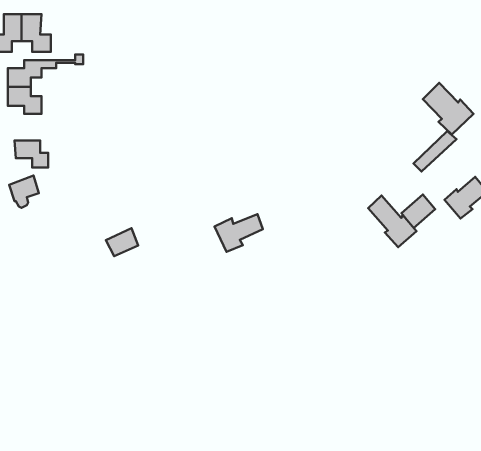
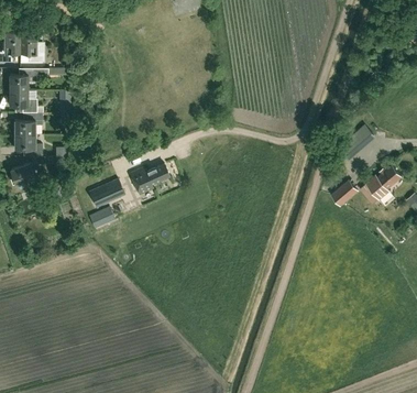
building: [423,83,473,135] -> none
building: none -> [13,113,41,135]
building: none -> [88,179,124,208]
building: [368,196,416,247] -> none
building: [214,214,263,252] -> [129,164,168,195]

